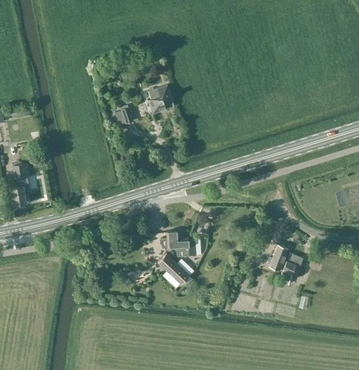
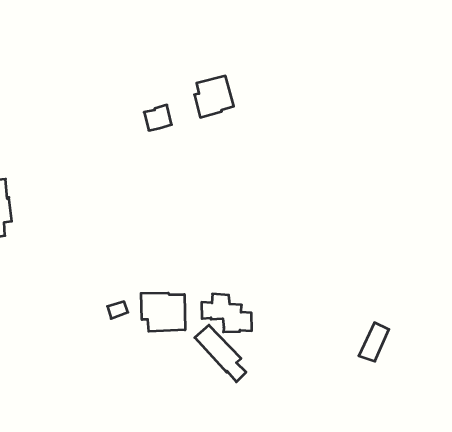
building: none -> [141,293,185,331]
building: [278,252,302,284] -> none

